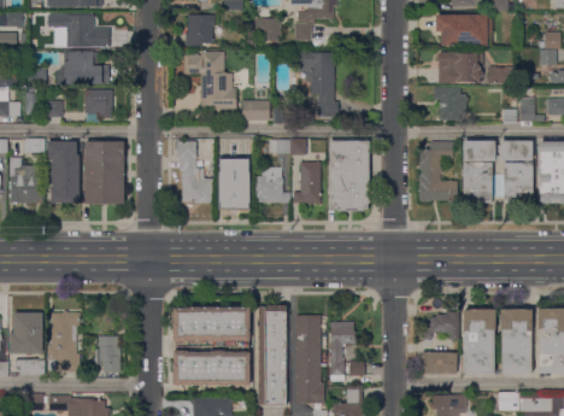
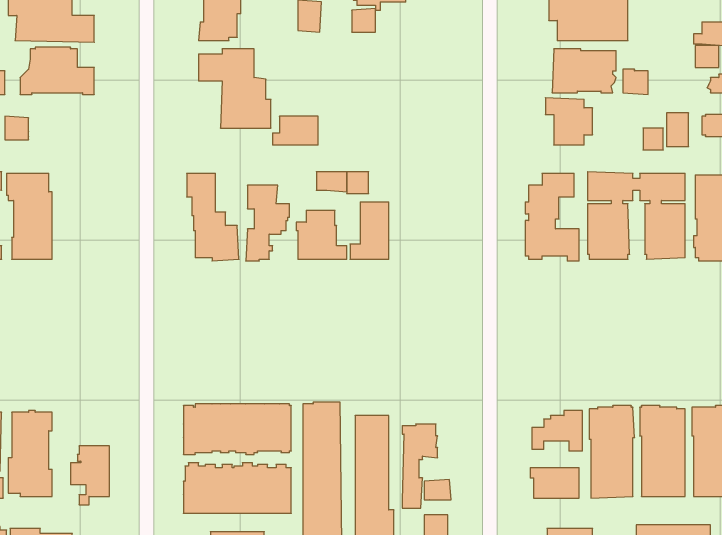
building: [299,52,339,116] -> none
building: [84,89,112,117] -> none
building: [84,140,124,204] -> none
building: [329,140,369,211] -> none

